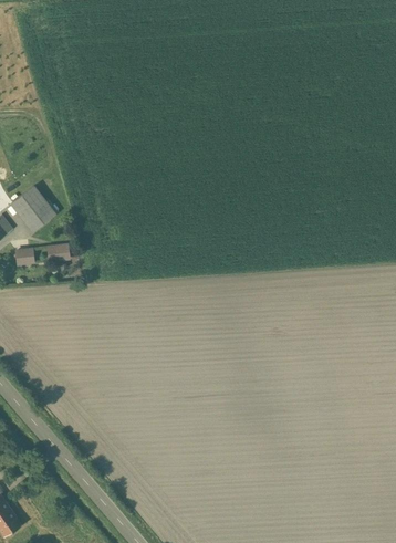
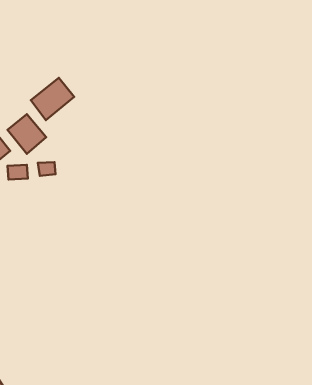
building: none -> [31,78,74,120]

